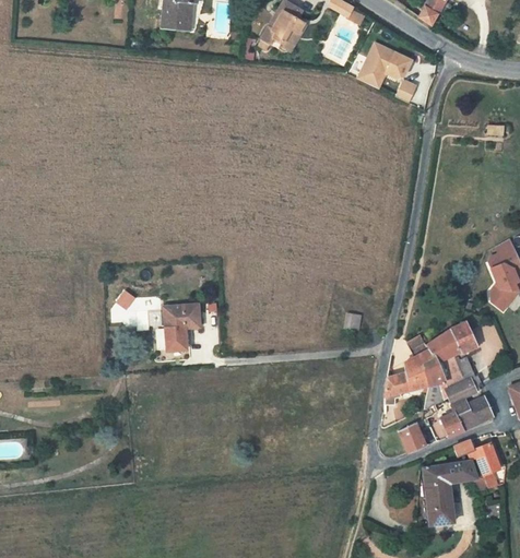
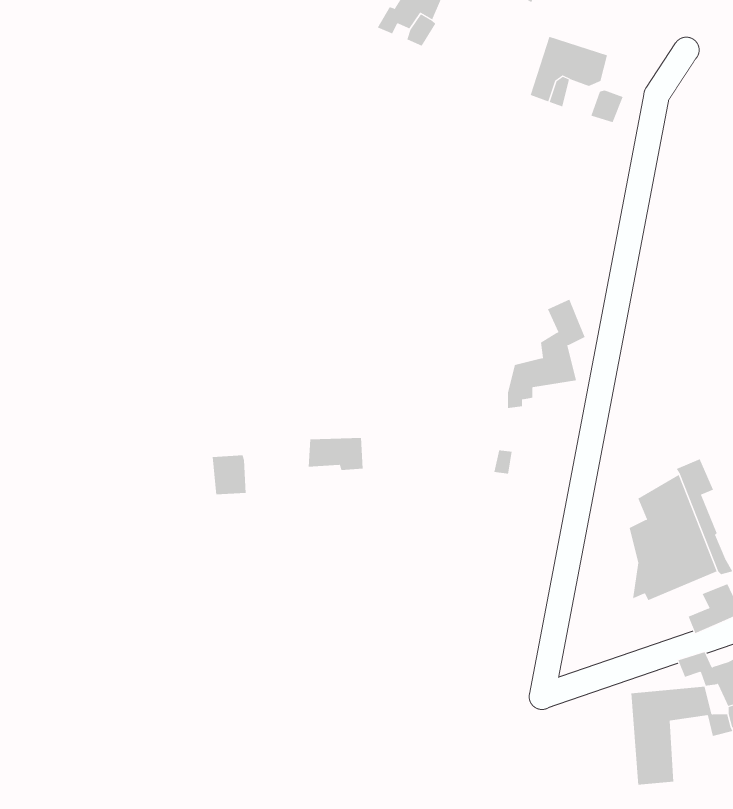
building: [159,299,194,320] -> [308,438,363,471]
building: [383,333,433,402] -> [507,299,585,408]
building: [441,399,472,436] -> none
building: [395,422,436,451] -> none

